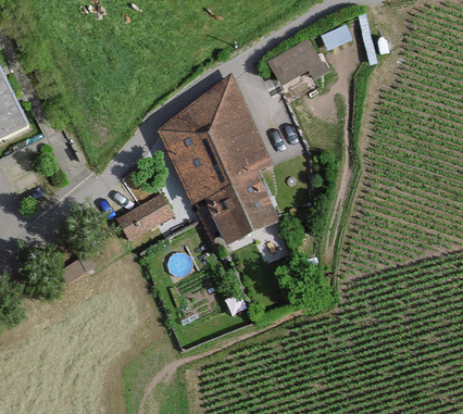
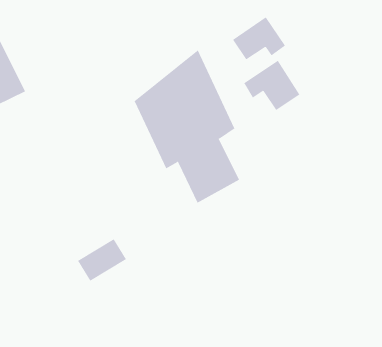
building: none -> [244,60,300,111]
building: [116,193,172,241] -> [77,239,127,281]

